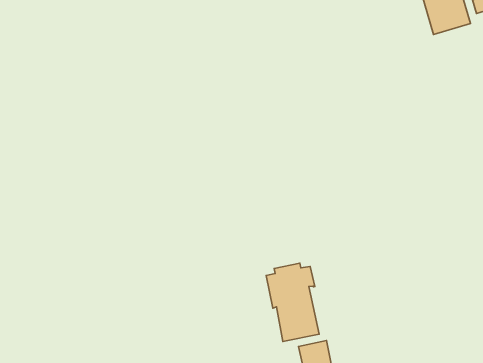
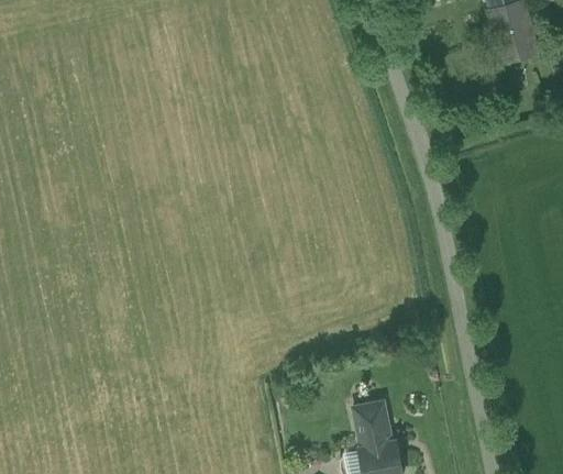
building: [266,263,319,342] -> none

